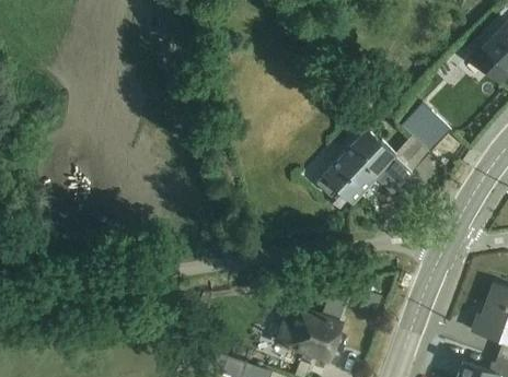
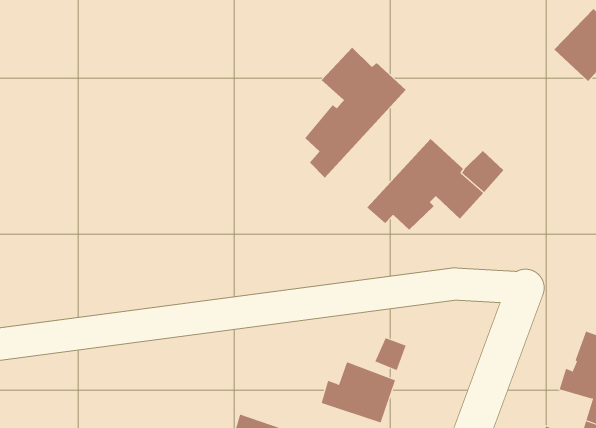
building: none -> [304,47,406,178]
building: [411,103,452,143] -> none

